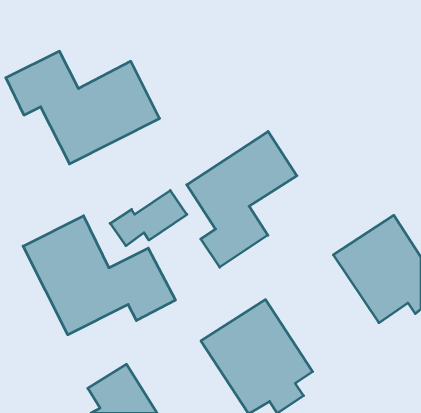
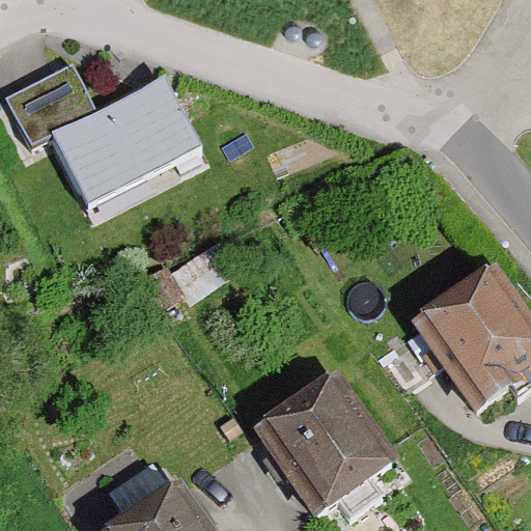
building: [187,131,297,267] -> none
building: [23,216,175,335] -> none

